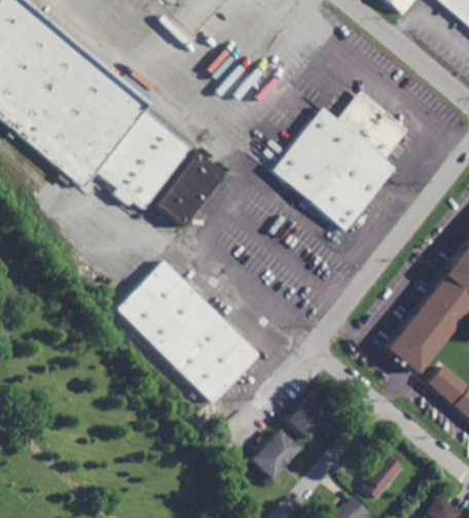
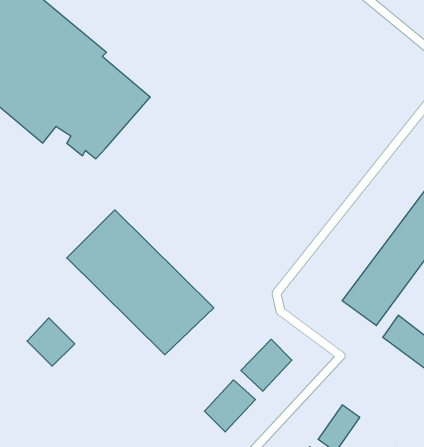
building: [272,90,409,230] -> none
building: [152,151,224,226] -> none
building: none -> [27,318,75,366]

